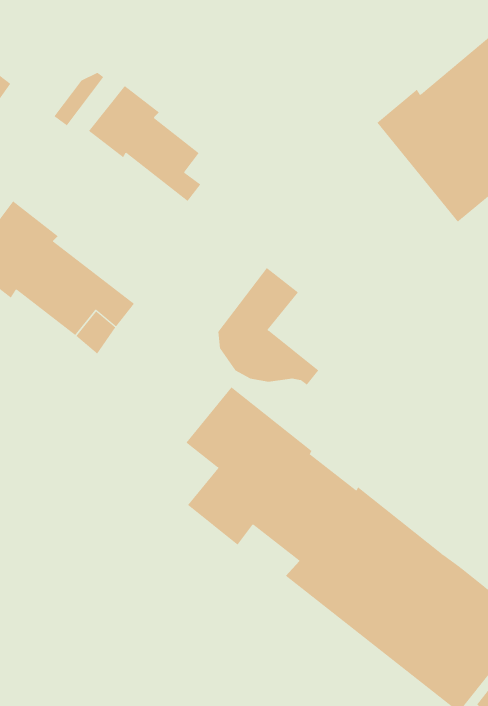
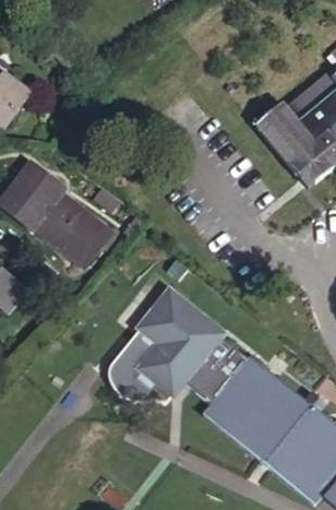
building: [88,85,201,202] -> none
building: [218,267,319,386] -> [106,325,171,402]

